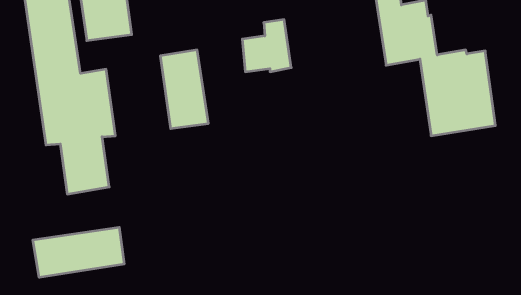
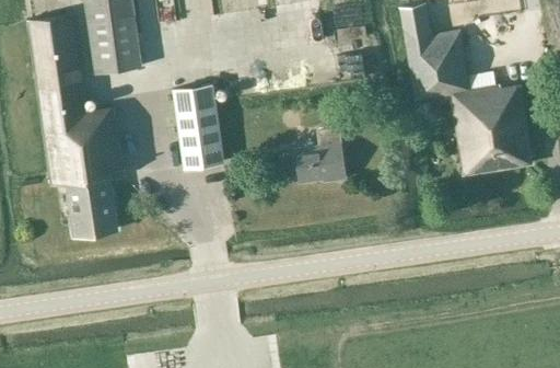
building: [242,20,291,72] -> [294,128,347,184]
building: [33,227,124,277] -> none

